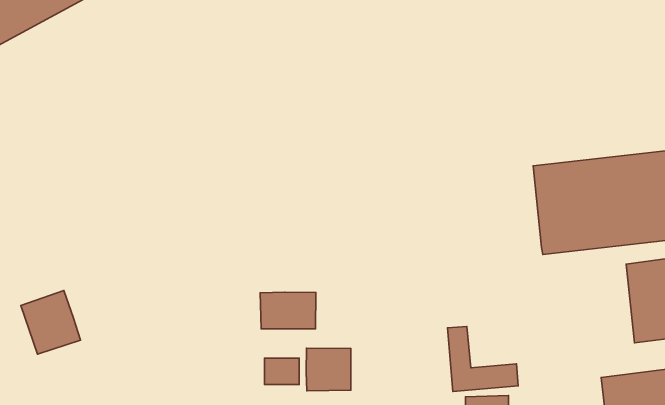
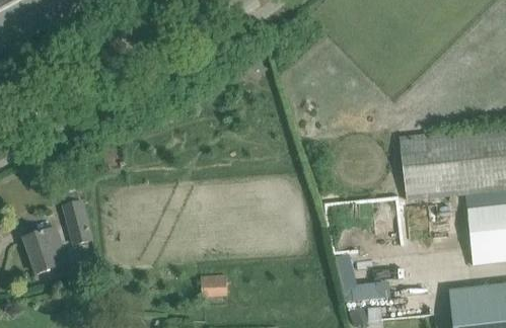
building: none -> [65,201,96,253]
building: [260,292,316,329] -> none
building: [306,348,351,391] -> none

